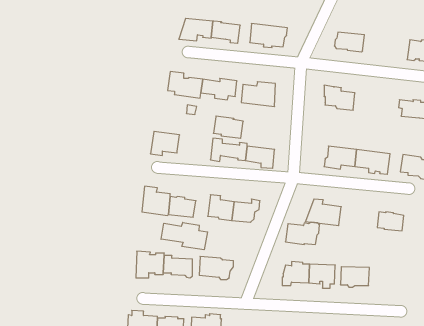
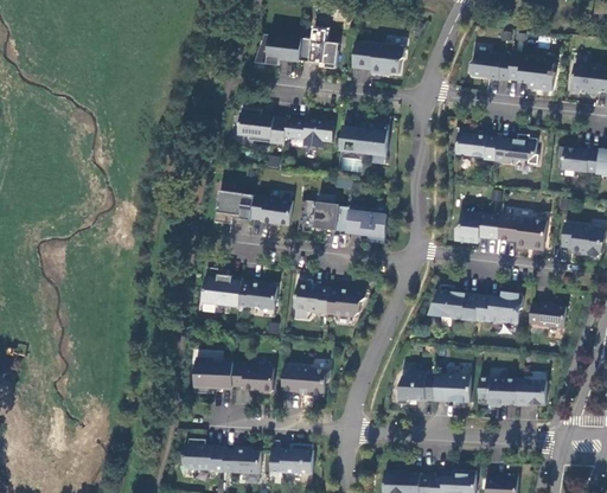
building: none -> [509,56,555,91]
building: none -> [496,134,538,165]
building: [213,116,243,138] -> [251,194,293,225]
building: [285,222,320,244] -> [475,293,523,324]
building: [161,222,208,250] -> none
building: none -> [517,379,547,405]

